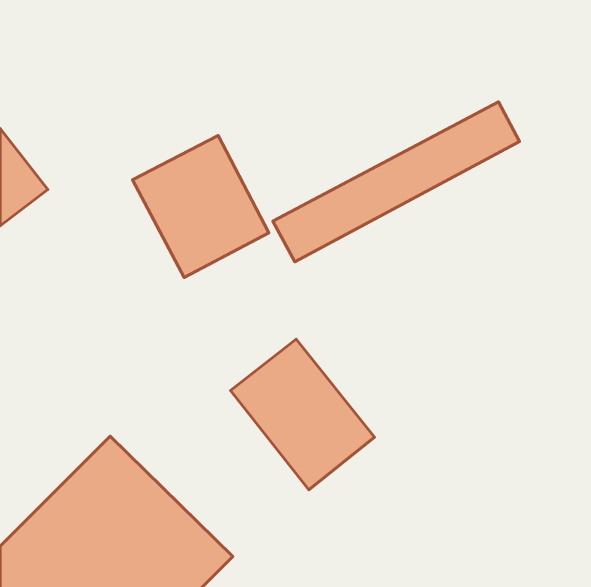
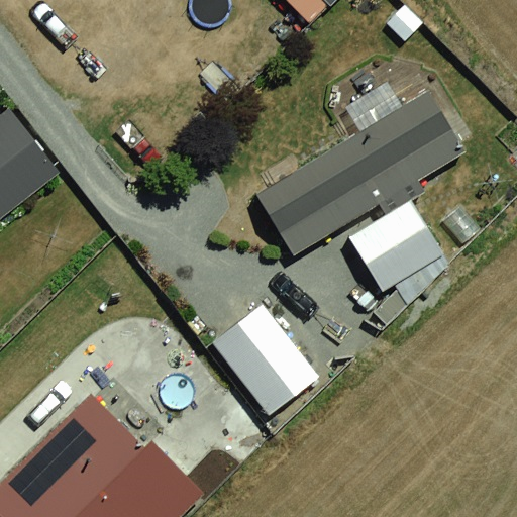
building: [133,135,269,278] -> none
building: none -> [340,209,449,318]

